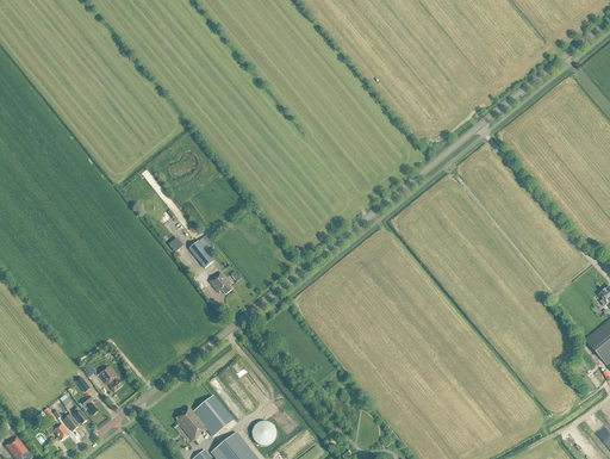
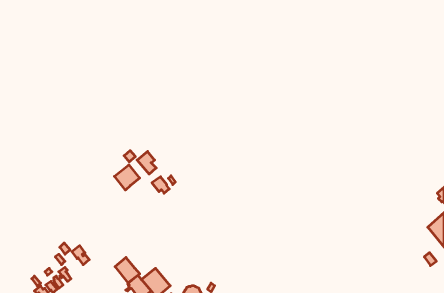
building: none -> [114,165,140,190]
building: none -> [115,257,140,283]

